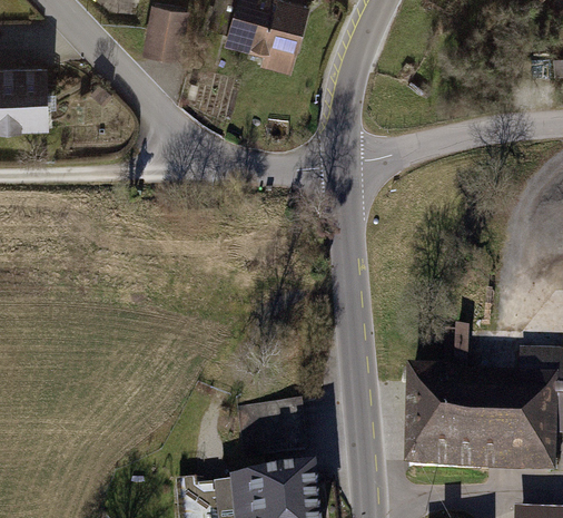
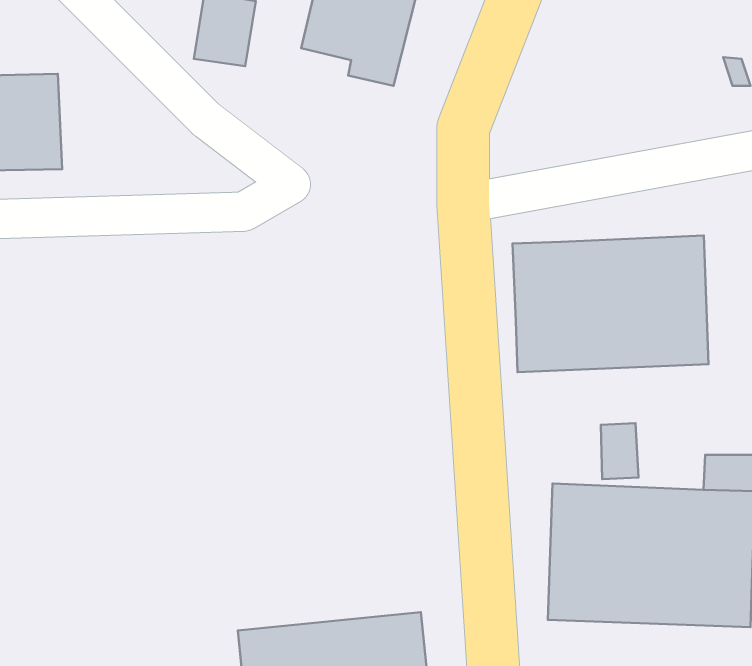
building: none -> [513,236,709,372]

